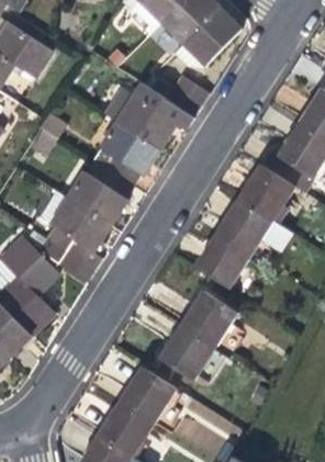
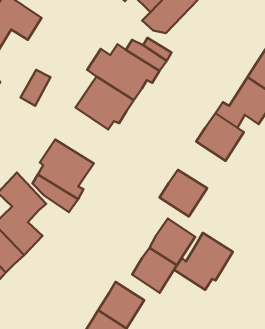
building: [68,158,132,225] -> none
building: [215,199,283,262] -> none
building: none -> [174,233,233,290]

